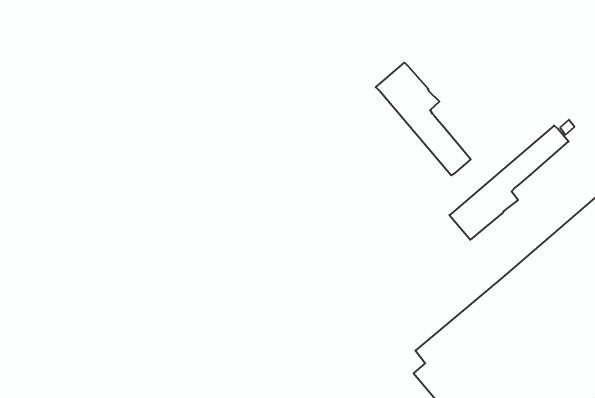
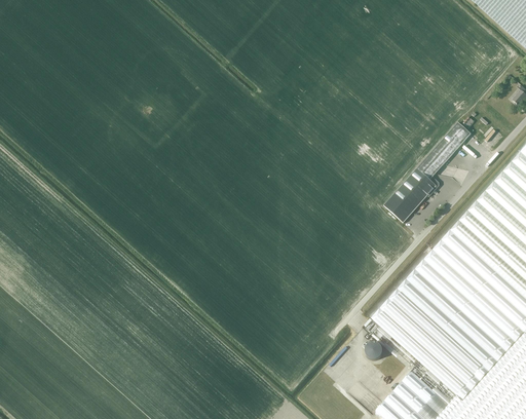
building: [376,63,471,175] -> none

